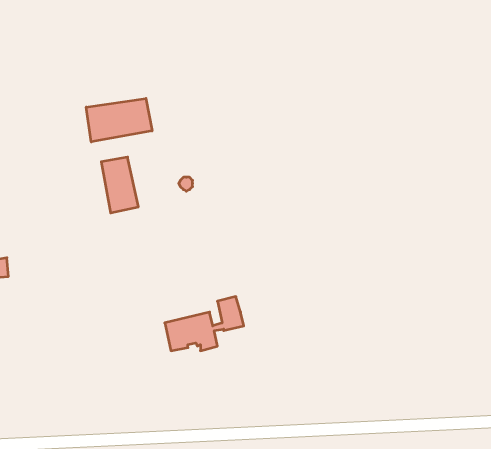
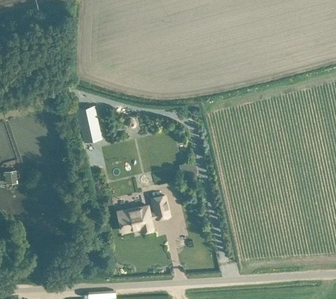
building: [86,98,152,142] -> none

